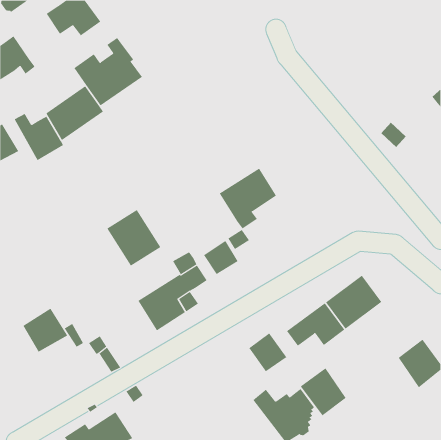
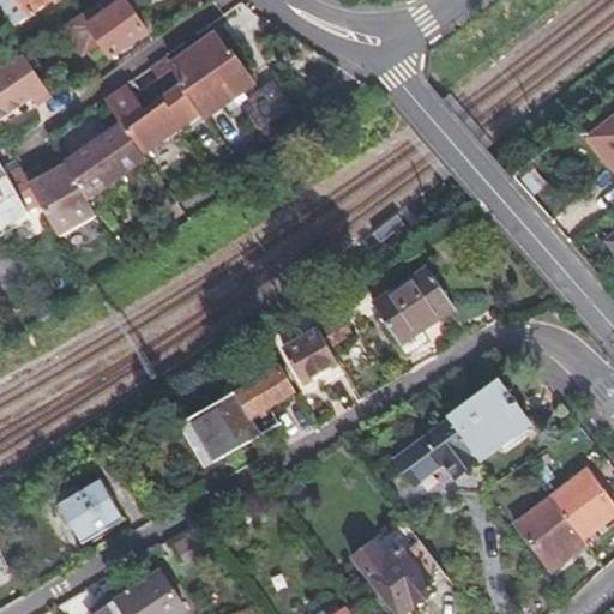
building: none -> [169,31,251,114]
building: [219,168,277,229] -> [372,270,452,355]
building: [107,209,161,267] -> none
building: [22,308,68,353] -> [58,481,121,543]
building: [248,332,287,372] -> none
building: [300,368,346,416] -> [516,499,580,566]

